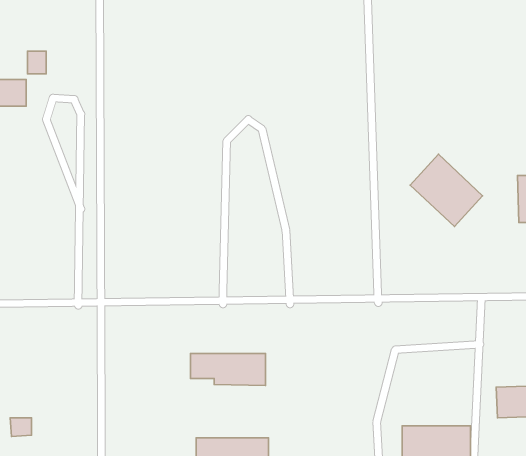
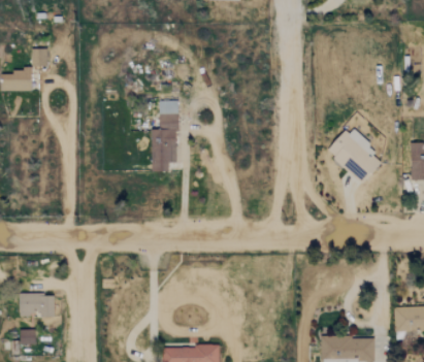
building: none -> [152,100,177,171]
building: [191,353,265,386] -> none
building: none -> [20,294,55,318]

